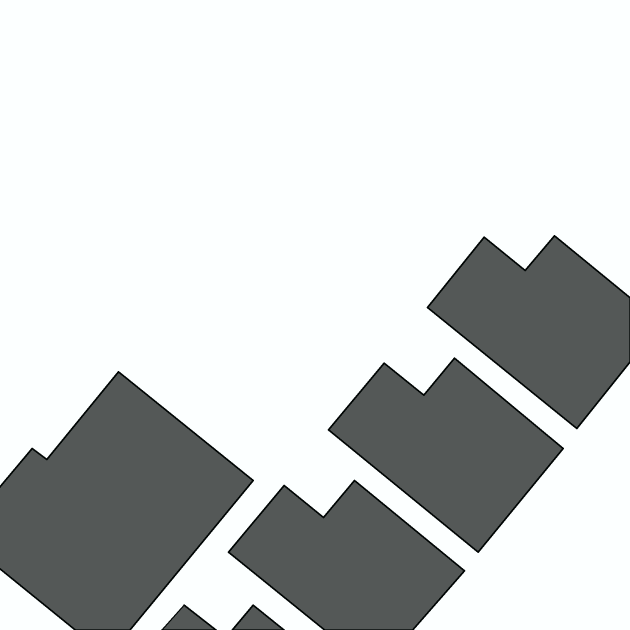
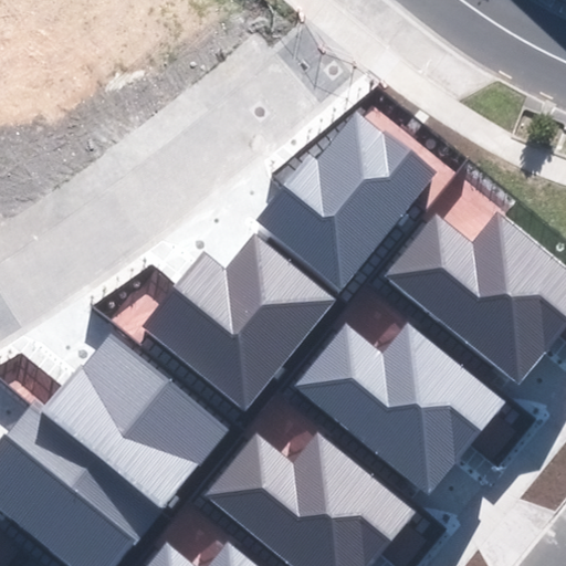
building: none -> [253,112,436,290]
building: none -> [142,233,335,411]

